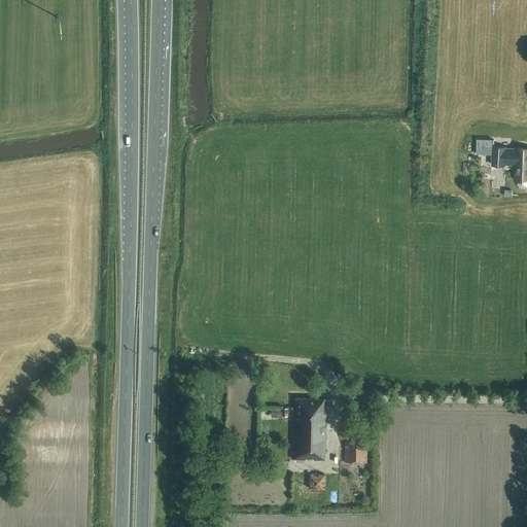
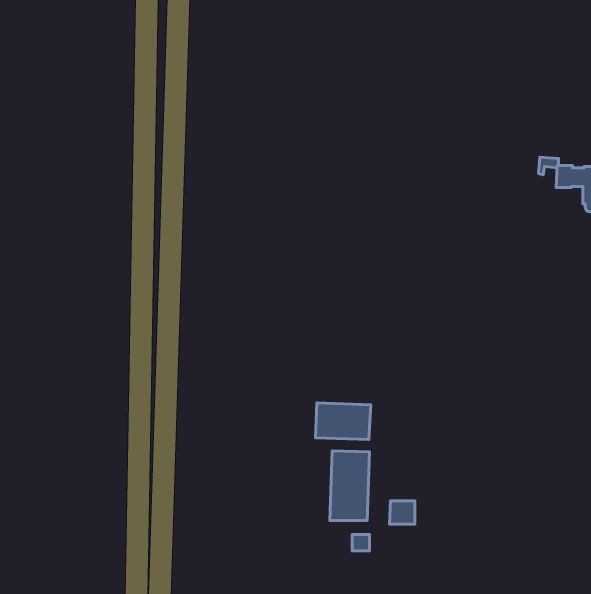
building: none -> [316,403,371,439]

